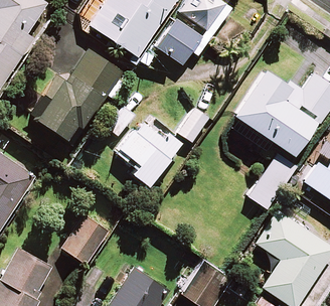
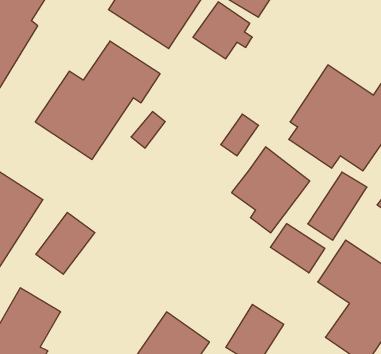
building: [118,118,180,186] -> [232,147,310,233]
building: none -> [270,224,325,273]
building: [61,214,109,264] -> [36,213,95,274]

